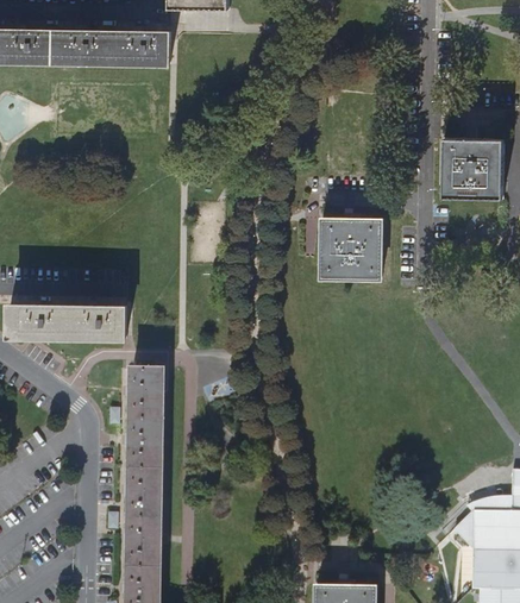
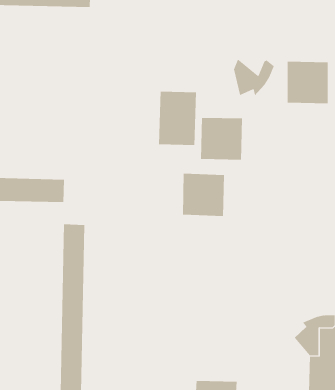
building: none -> [233,59,274,96]
building: none -> [158,91,197,146]
building: none -> [182,173,225,217]

